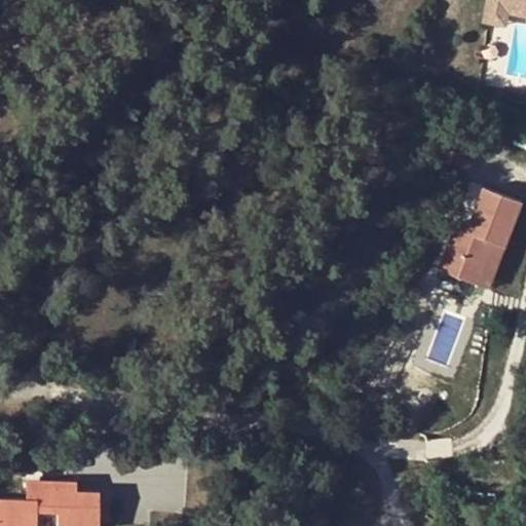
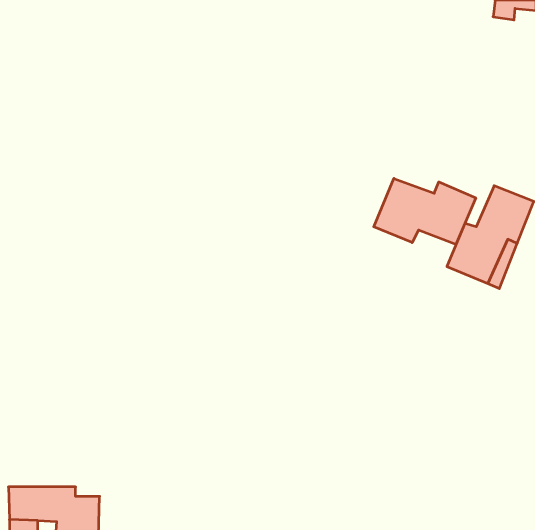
building: none -> [374,178,476,245]

